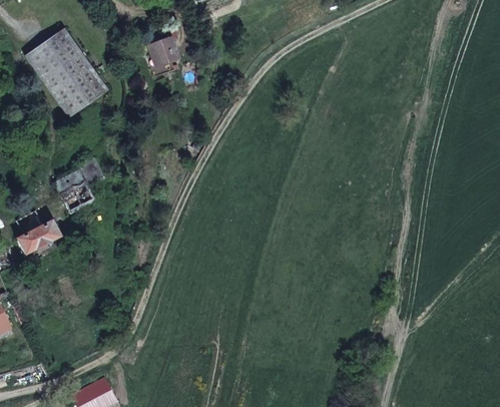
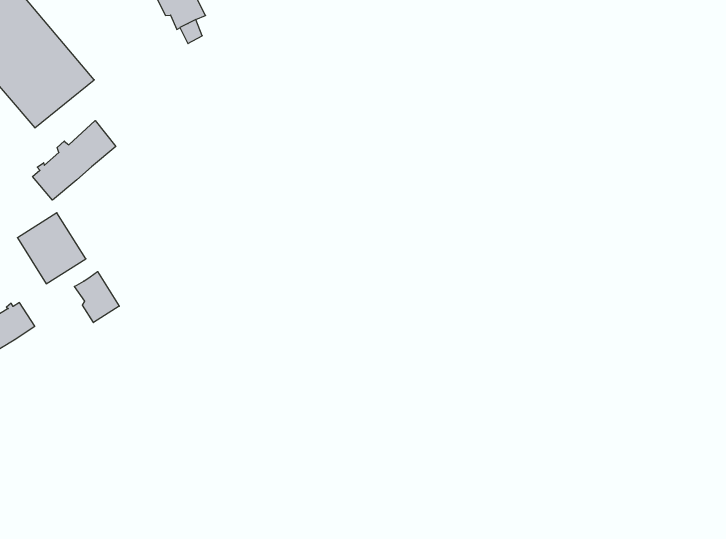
building: none -> [33,121,116,200]
building: none -> [74,272,119,323]

